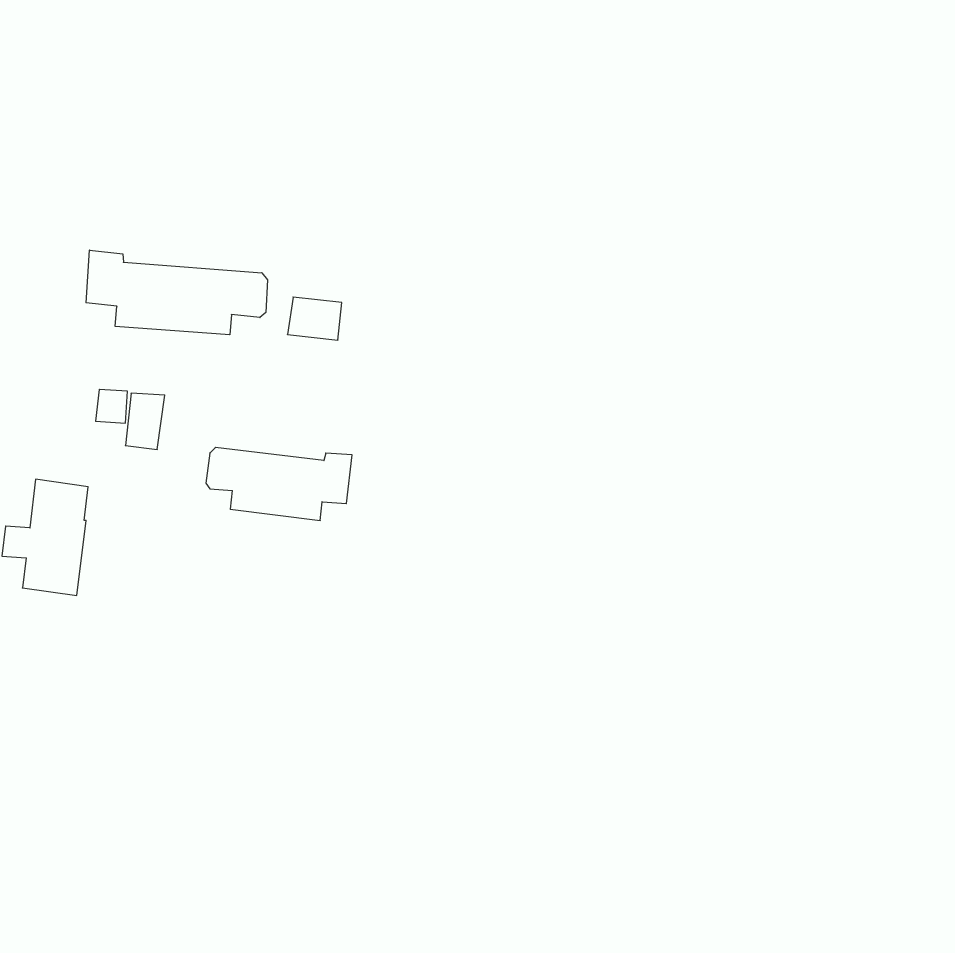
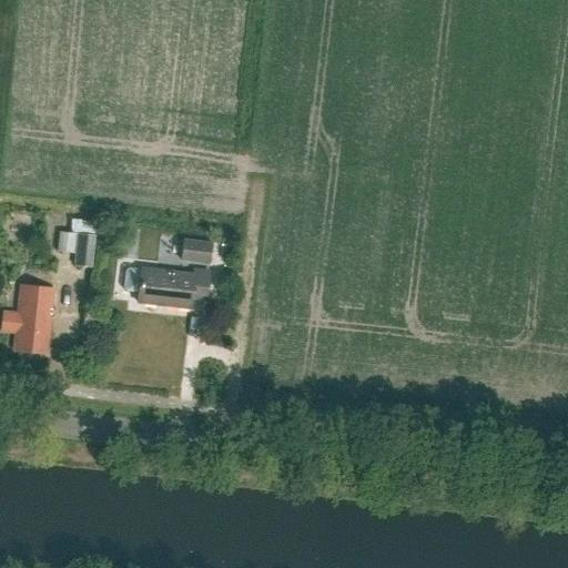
building: [86,250,268,335] -> none
building: [287,297,342,340] -> [181,237,213,263]

